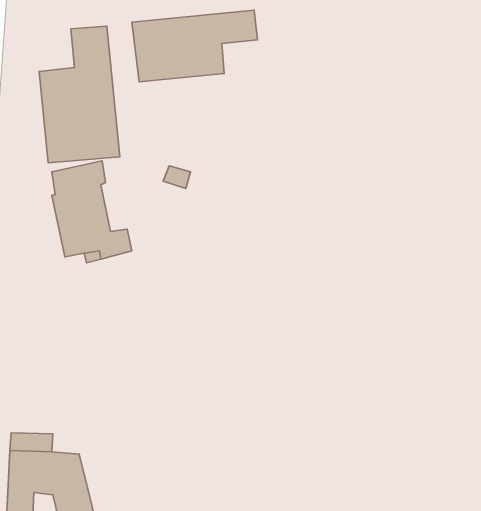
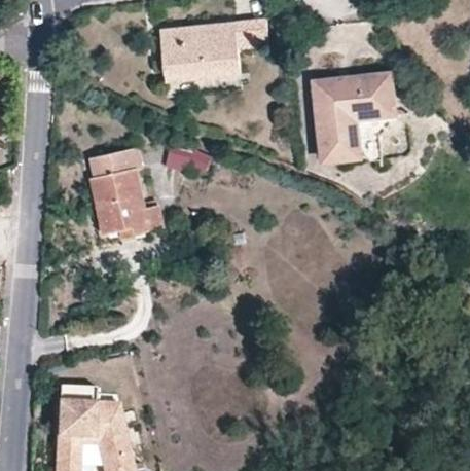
building: [39,26,120,163] -> none
building: none -> [314,72,397,162]

